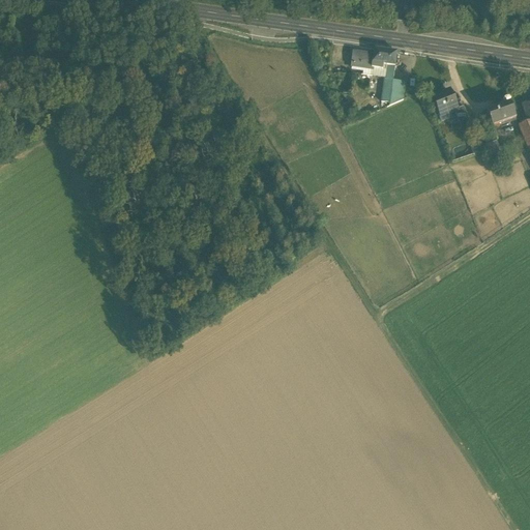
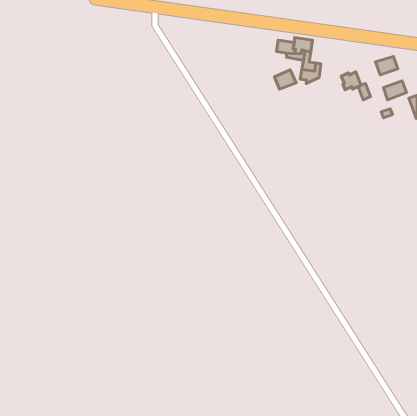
building: none -> [375,56,398,75]
building: none -> [274,70,296,89]

